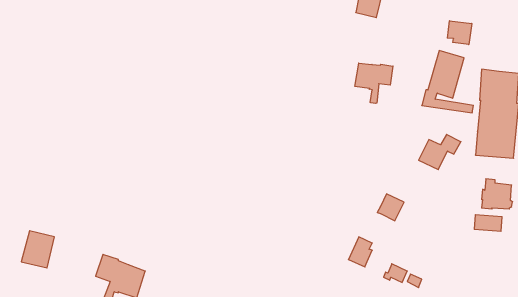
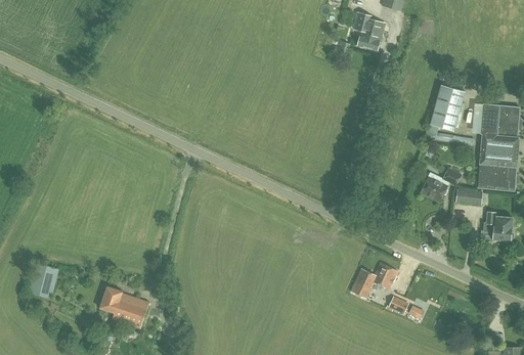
building: [447,21,472,45] -> none
building: [355,63,393,103] -> none
building: [377,194,404,221] -> [370,262,397,289]
building: [474,215,502,231] -> [454,188,482,205]

